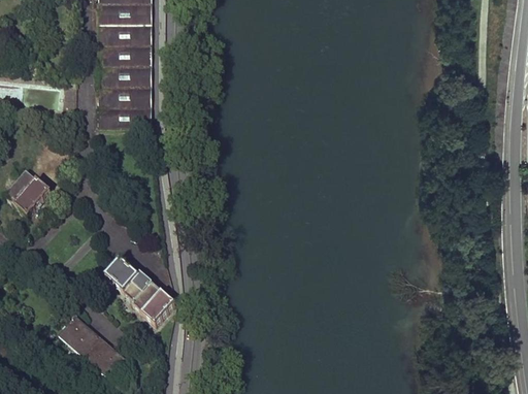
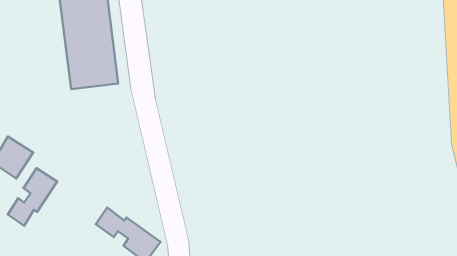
building: none -> [8,168,57,226]

